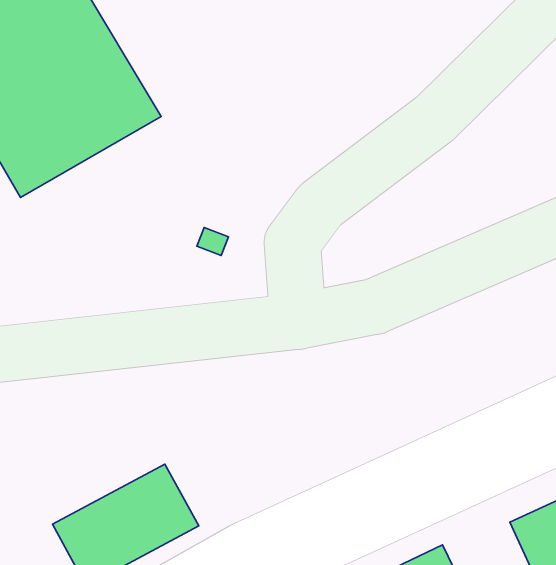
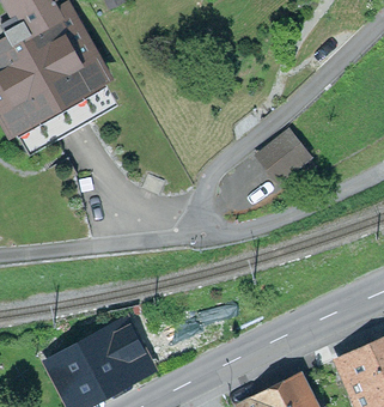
building: none -> [258,132,311,176]

